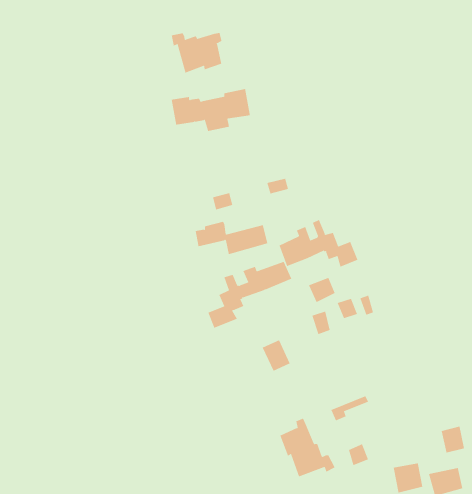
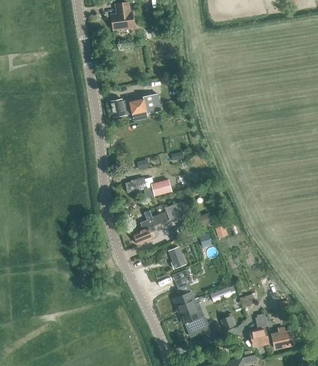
building: [171,32,222,74] -> none
building: [279,219,358,267] -> none
building: none -> [173,274,195,310]

